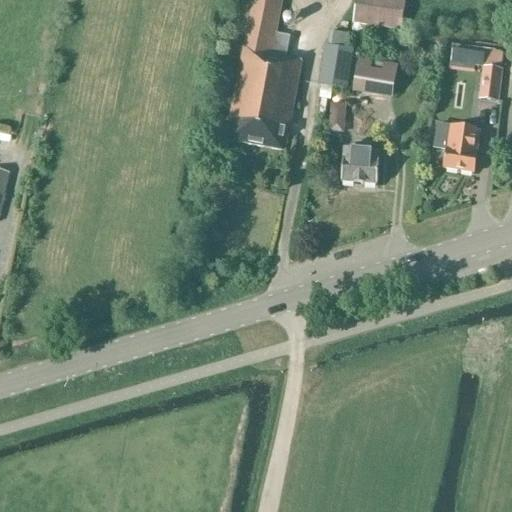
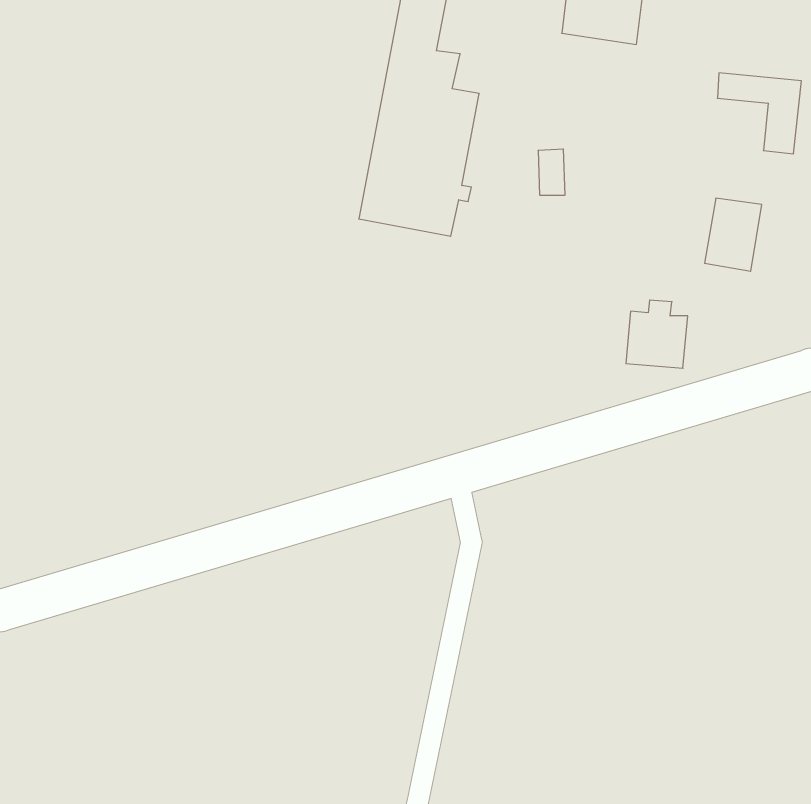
building: [319,29,353,87] -> none
building: [354,61,398,91] -> none
building: [341,140,380,183] -> [626,300,688,368]

